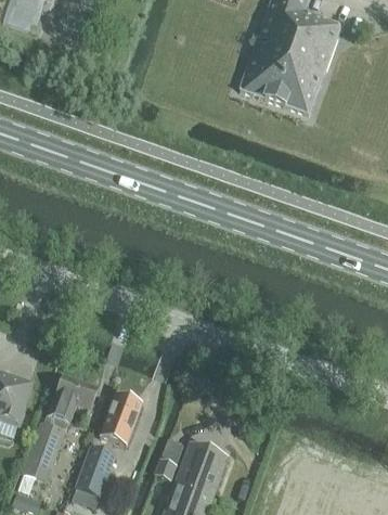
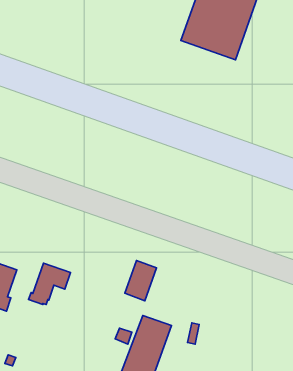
building: [101,394,142,446] -> [125,260,157,301]
building: [23,421,62,479] -> none
building: [75,446,115,497] -> none

